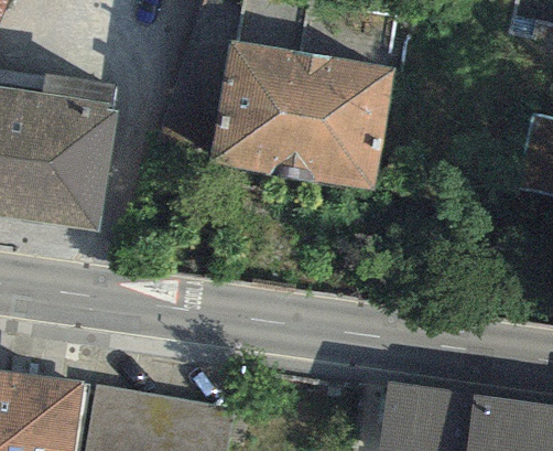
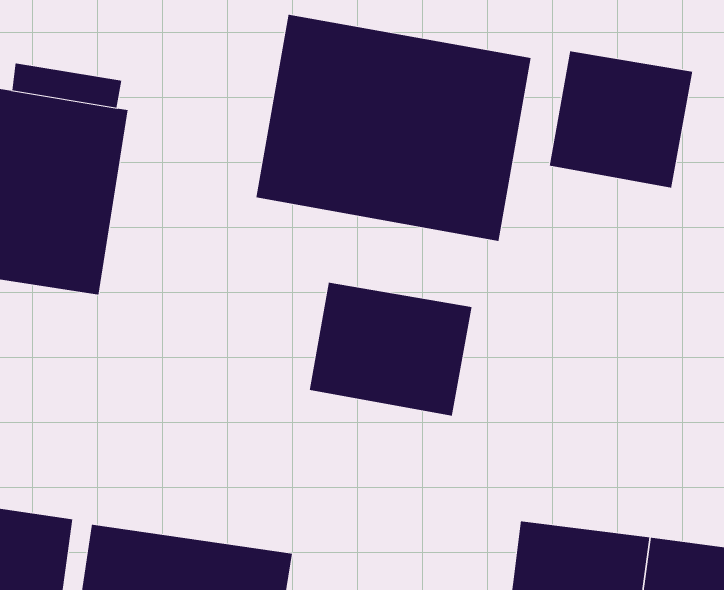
building: none -> [549,50,693,188]
building: none -> [309,282,472,416]

